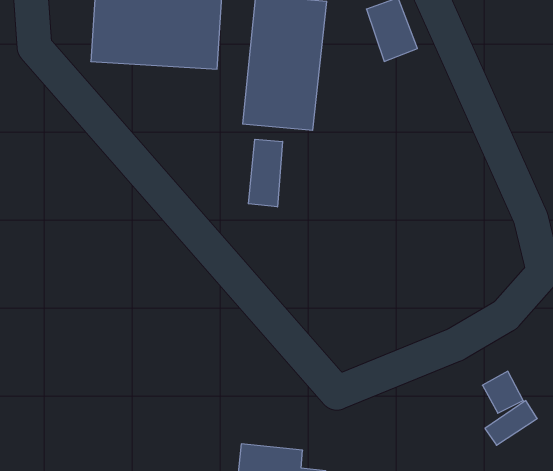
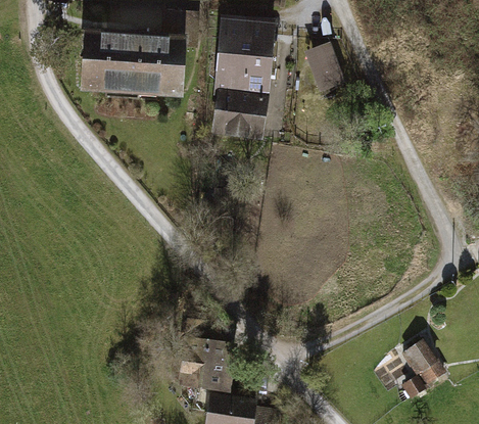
building: [248,139,283,207] -> none
building: none -> [179,335,240,392]

